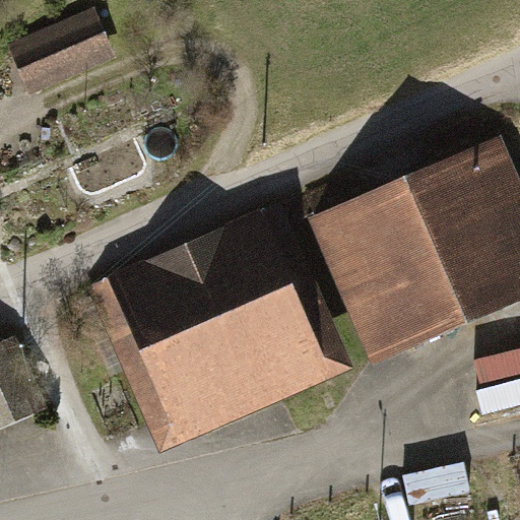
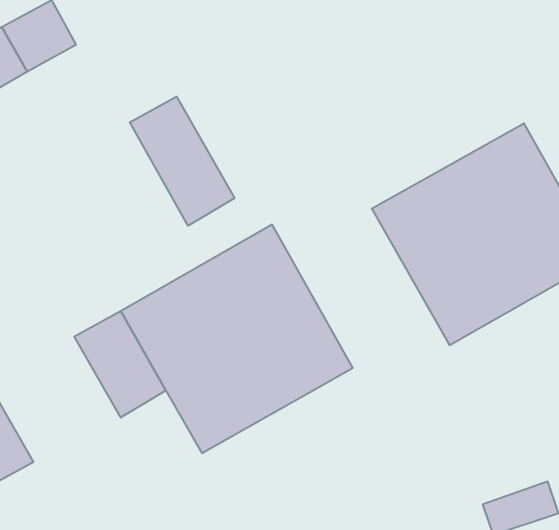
building: none -> [130,97,235,226]

